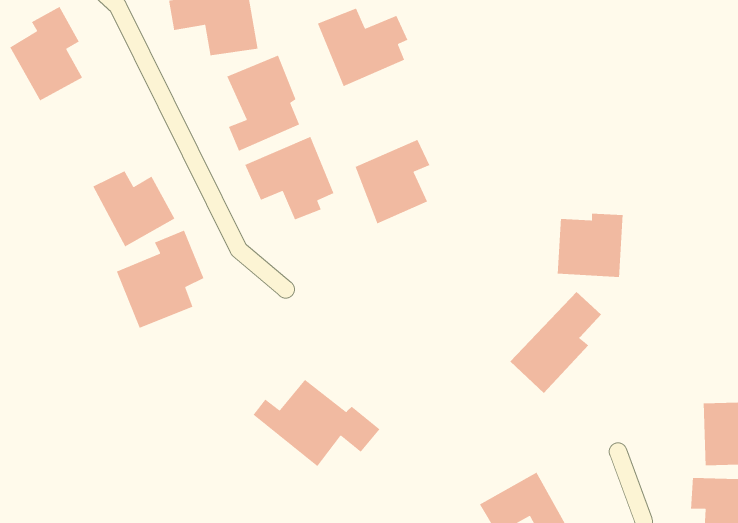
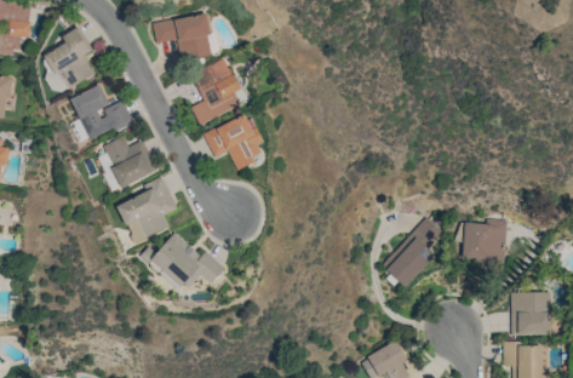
building: [317,7,408,87] -> none
building: none -> [70,84,133,141]
building: [354,139,430,224] -> none
building: [557,213,624,278] -> [463,218,508,262]
building: [252,379,381,467] -> [139,233,225,292]

